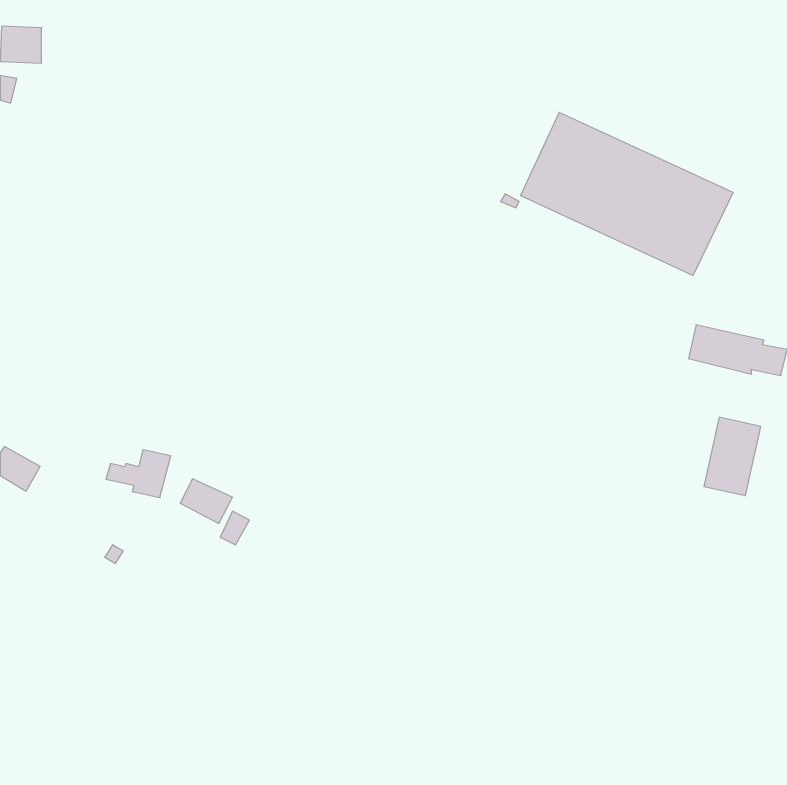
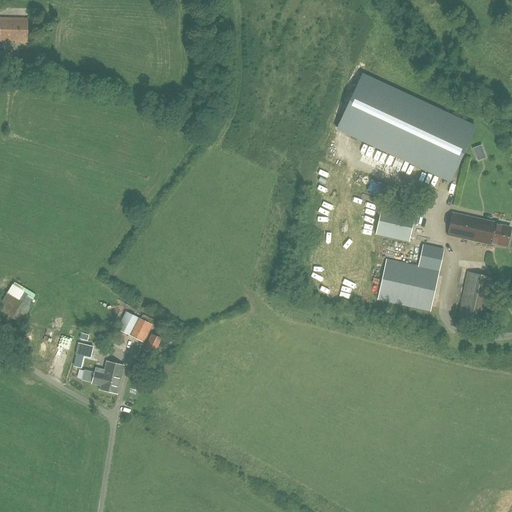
building: none -> [376,207,414,240]
building: none -> [377,244,443,310]
building: [106,450,171,498] -> [82,361,124,392]

